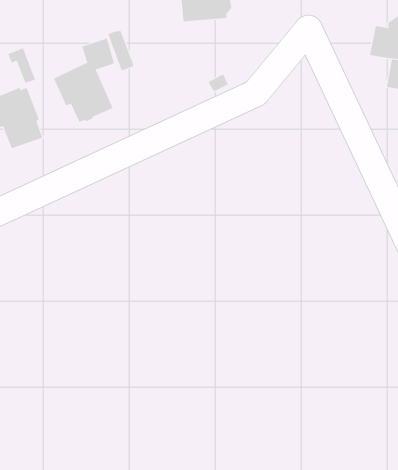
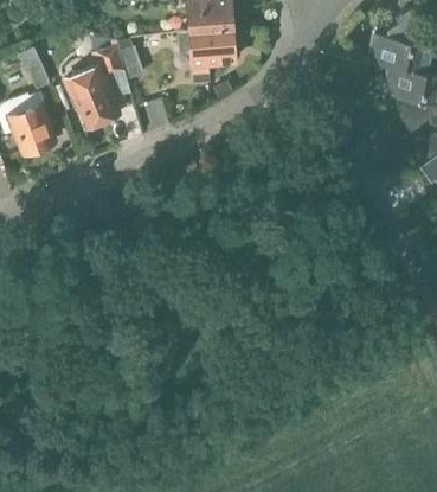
building: none -> [176,26,237,84]

